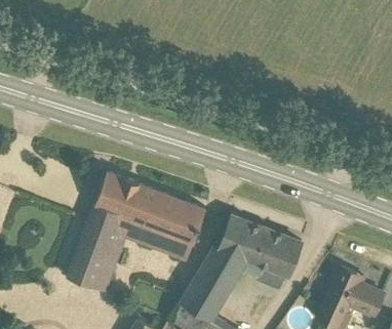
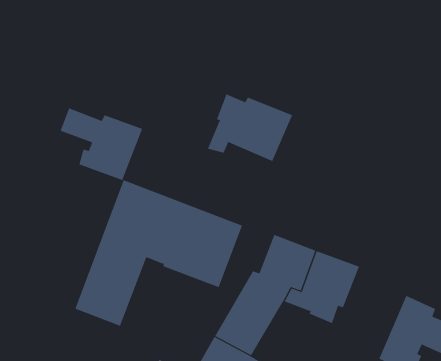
building: none -> [207,93,293,162]
building: none -> [60,108,143,181]

